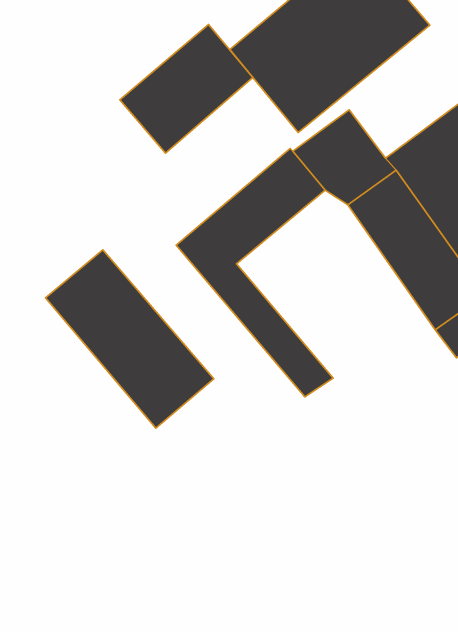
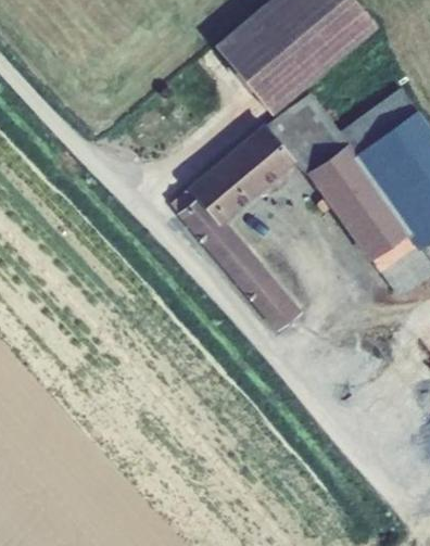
building: [120,25,253,153] -> none
building: [45,250,214,428] -> none

